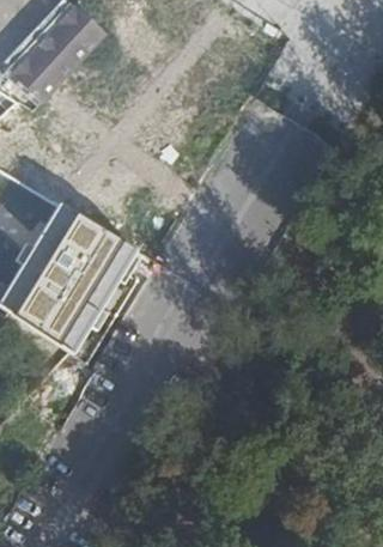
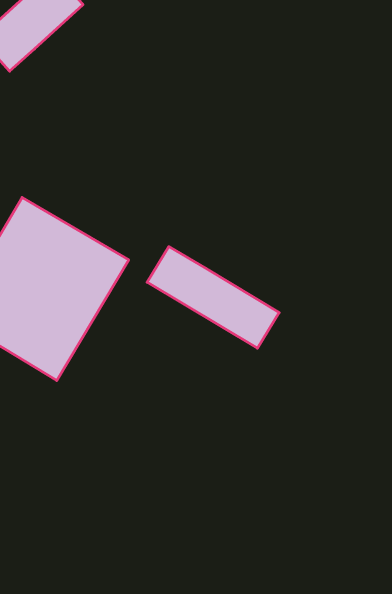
building: none -> [147,247,279,348]

